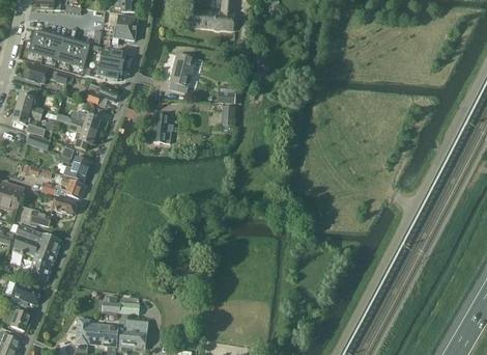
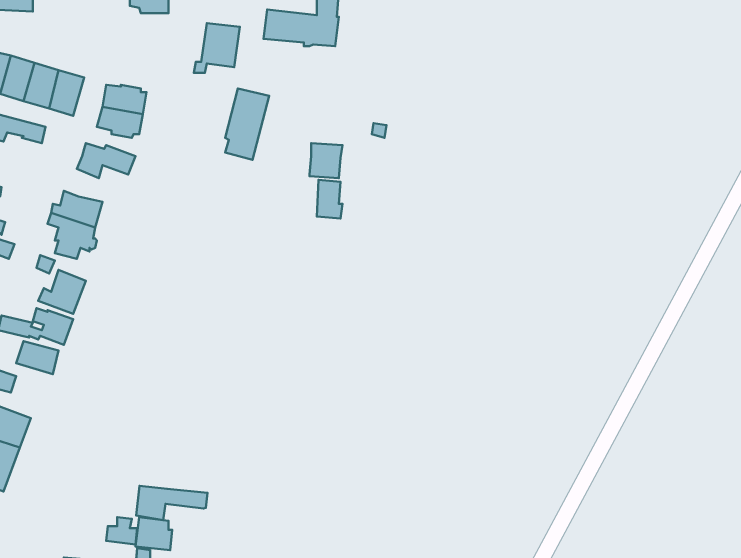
building: [112,16,138,44] -> [194,23,240,73]
building: [153,113,173,144] -> none
building: none -> [136,486,207,520]

